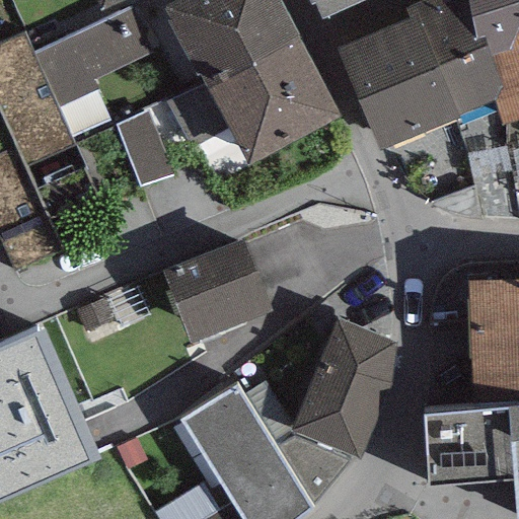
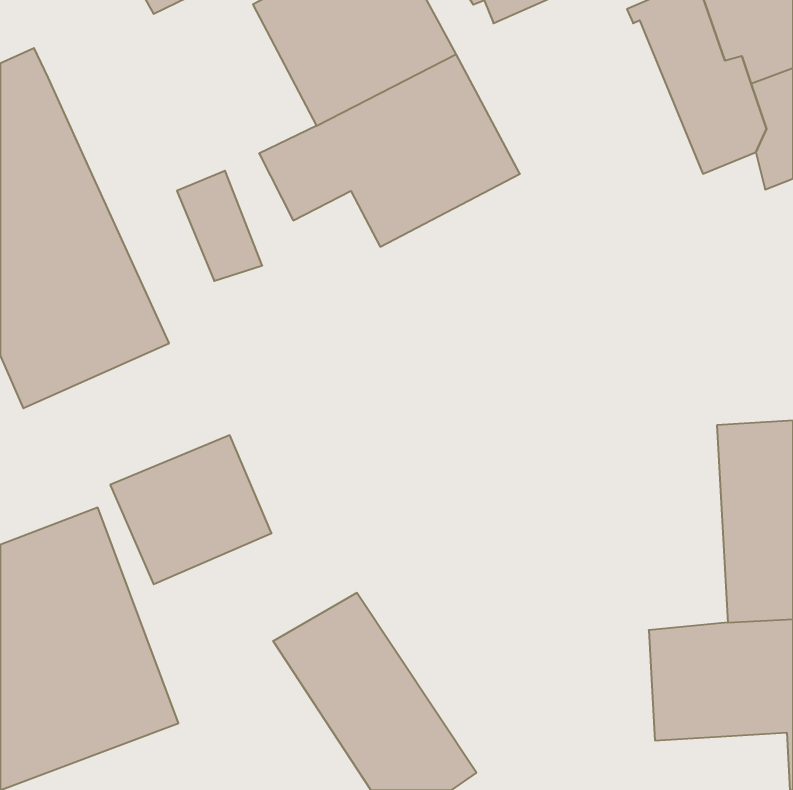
building: [31,6,153,106] -> none
building: [337,13,459,147] -> none
building: [165,241,271,339] -> [110,435,272,584]
building: [290,317,394,459] -> none

